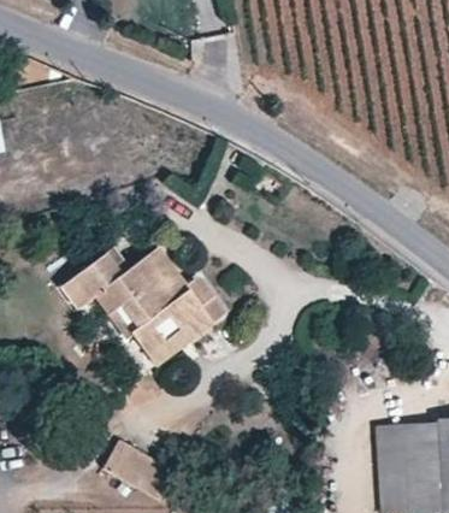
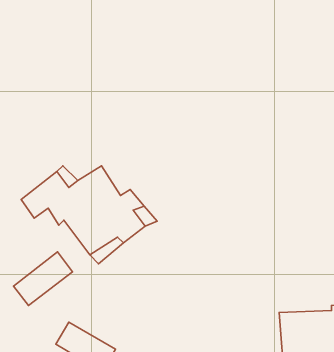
building: none -> [13,252,73,305]

